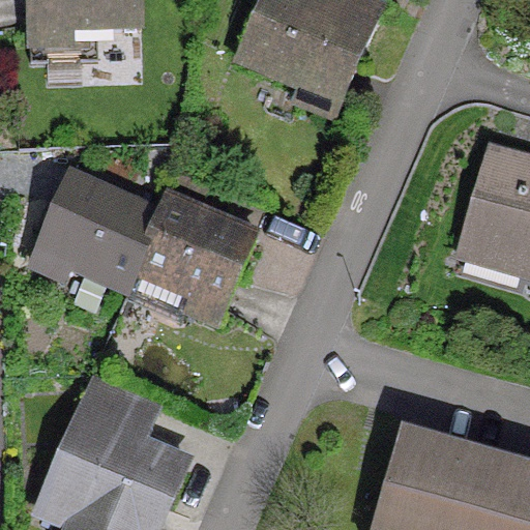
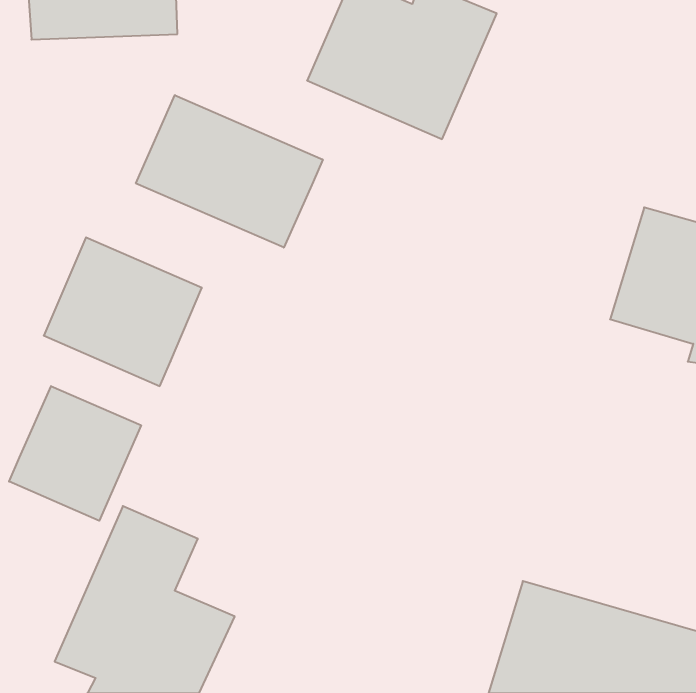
building: none -> [136,95,323,248]
building: [130,200,251,327] -> none
building: none -> [9,386,141,521]

